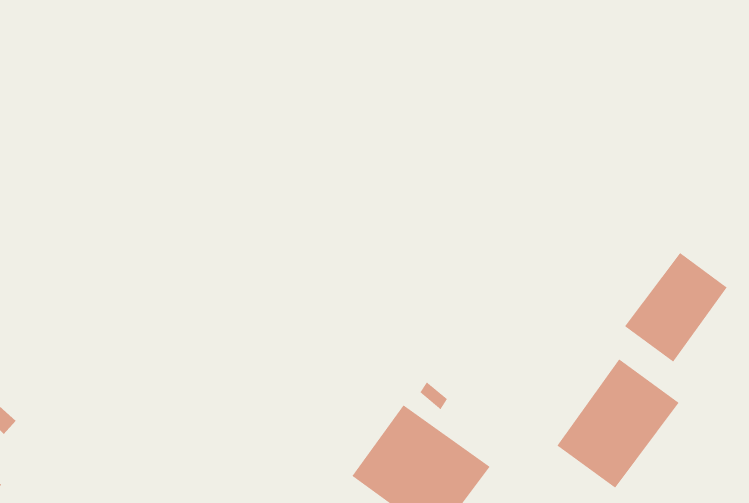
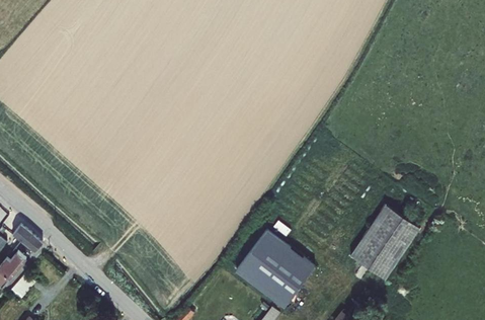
building: [624,252,727,362] -> none

